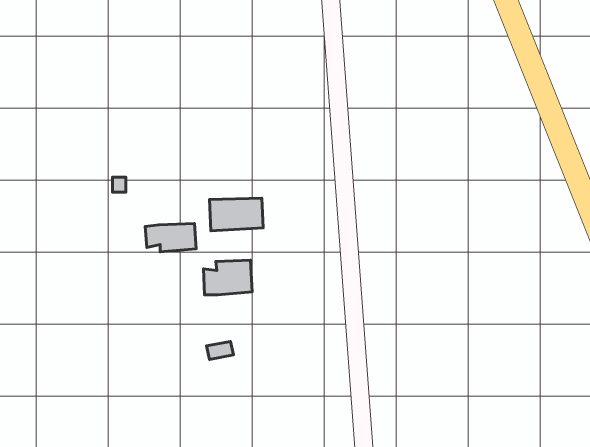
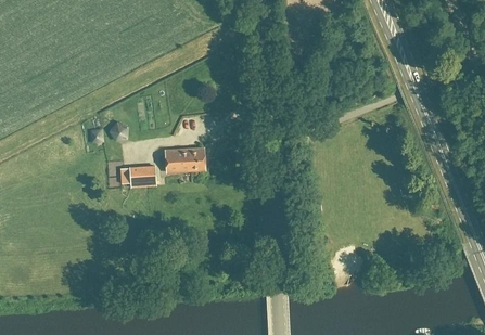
building: [203,260,252,295] -> none

